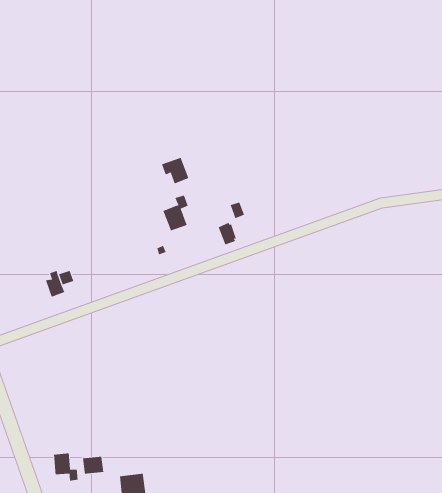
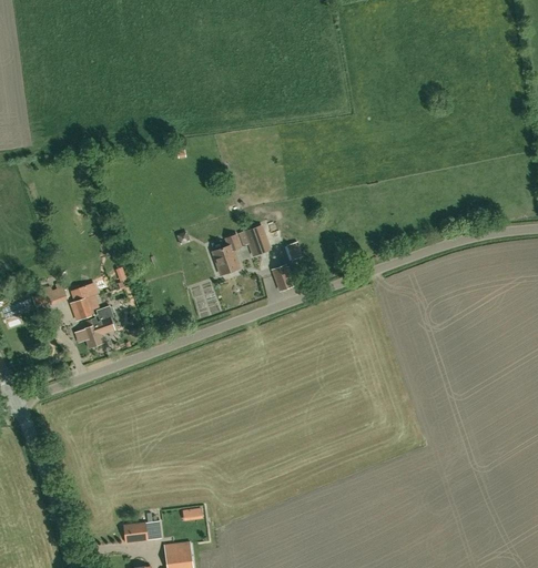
building: [161,157,189,184] -> [237,226,268,256]
building: none -> [71,283,98,320]
building: [54,453,78,482] -> none

